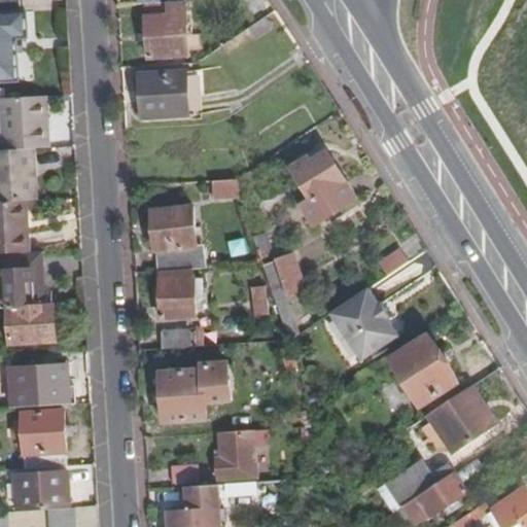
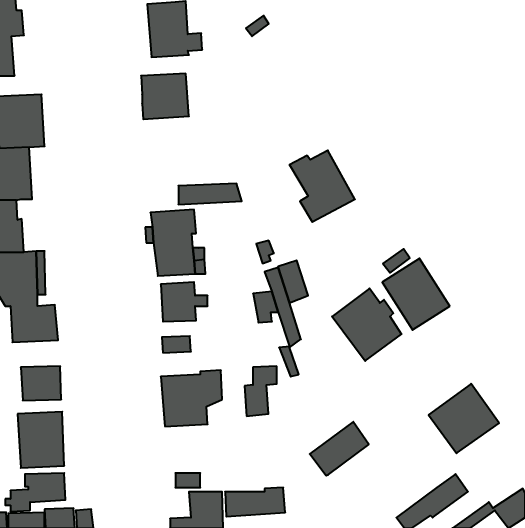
building: [386,333,453,405] -> [382,258,450,330]
building: [216,433,248,483] -> [245,366,277,416]
building: [375,461,433,515] -> [310,422,369,476]

